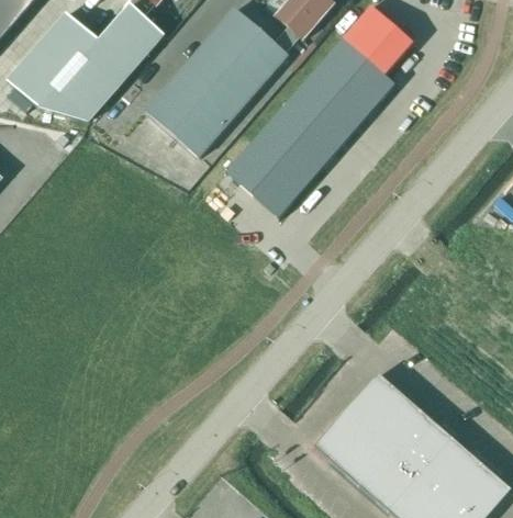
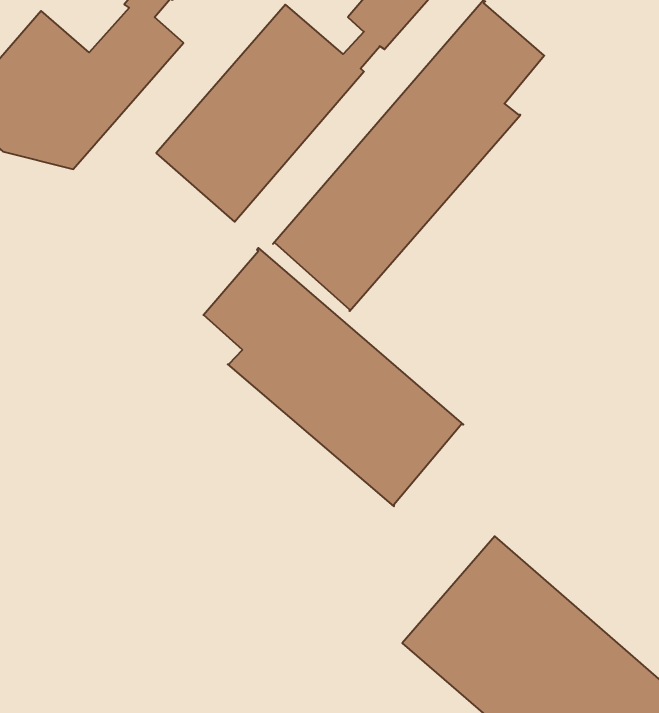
building: none -> [203,248,463,506]

